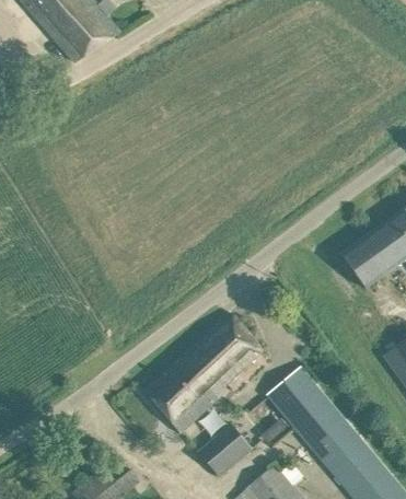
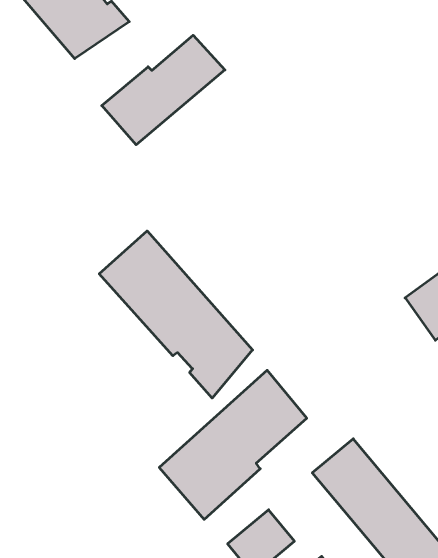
building: none -> [102,35,225,145]
building: none -> [99,231,253,398]

